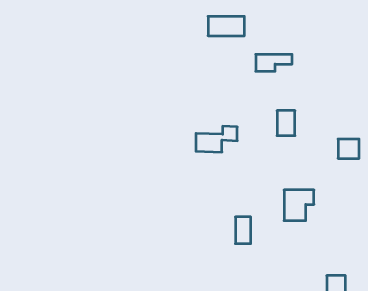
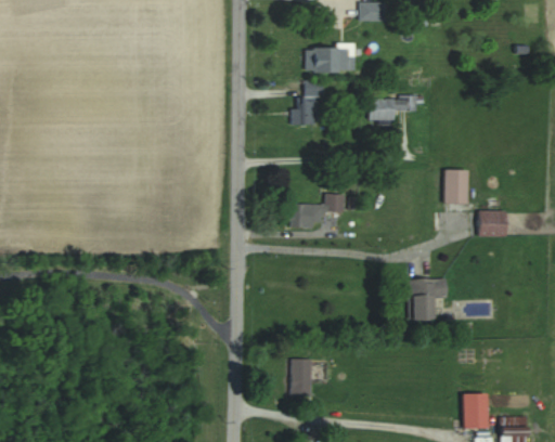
building: none -> [291,81,322,125]
building: [277,111,295,136] -> [444,170,468,204]
building: [235,217,251,244] -> [291,360,311,395]

